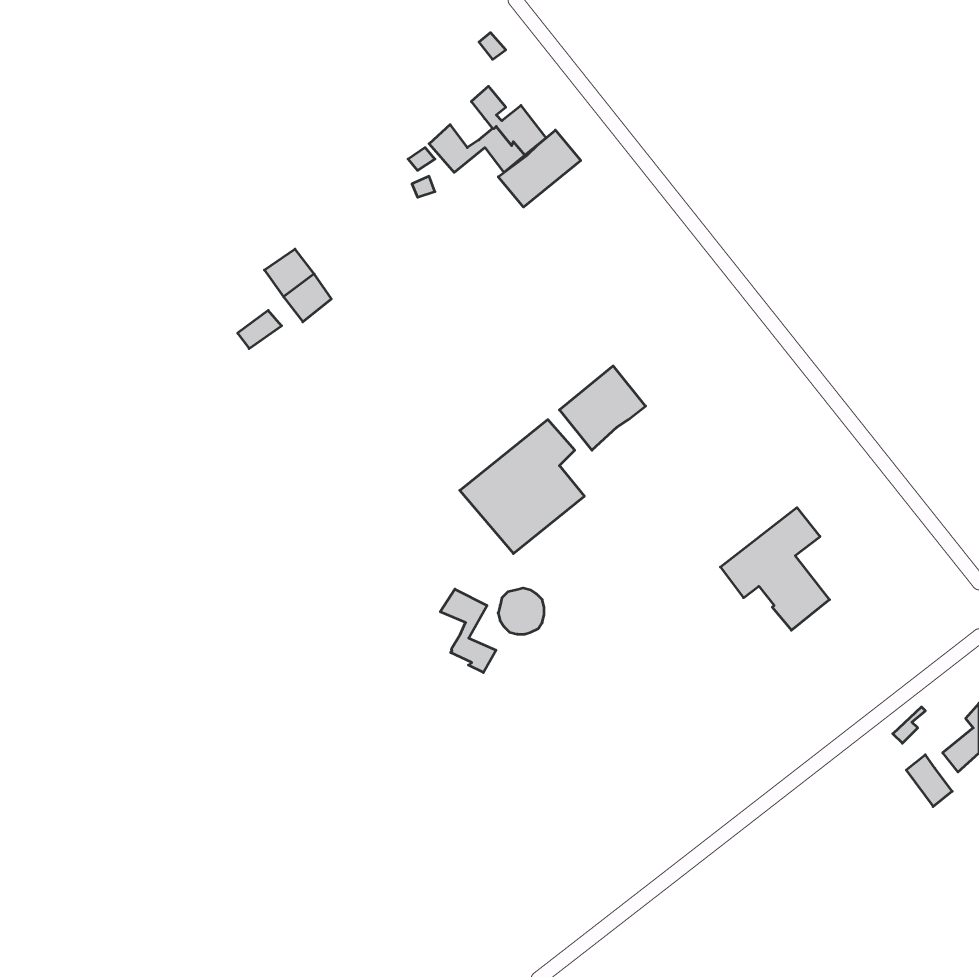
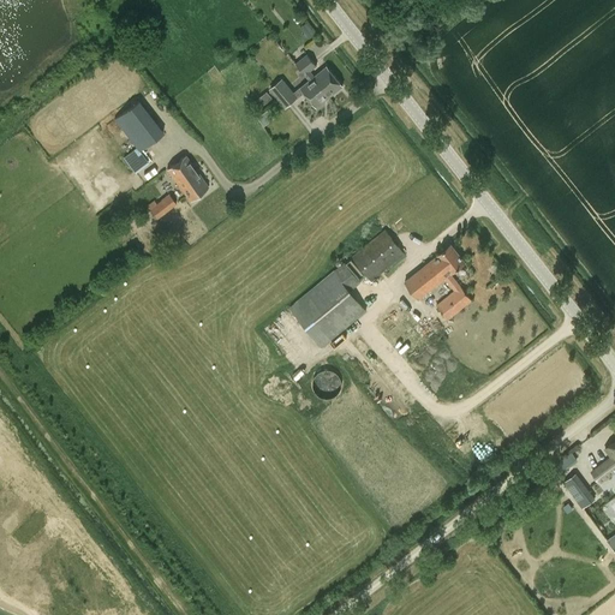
building: [498,130,581,207] -> none
building: none -> [113,101,163,174]
building: [720,508,830,630] -> [404,245,472,322]
building: [440,589,496,673] -> none

